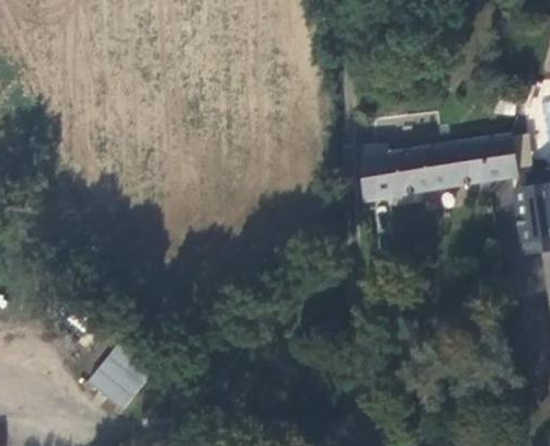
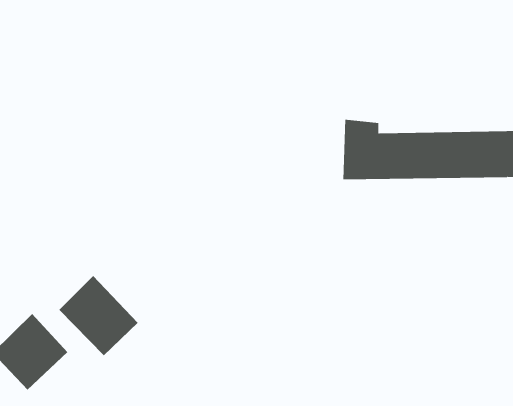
building: none -> [58,275,139,356]

